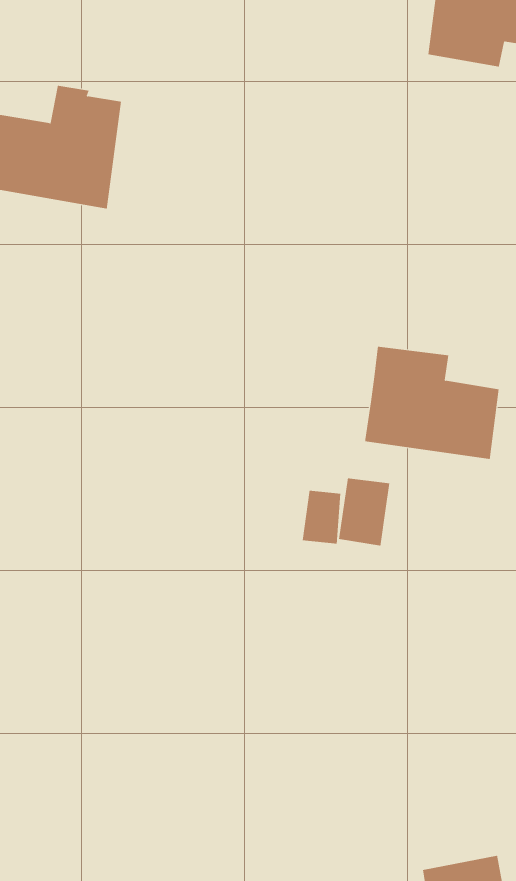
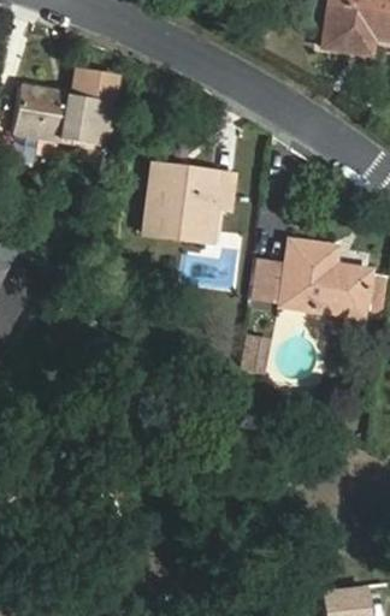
building: none -> [143,167,235,242]
building: [338,478,390,546] -> [252,257,286,303]

